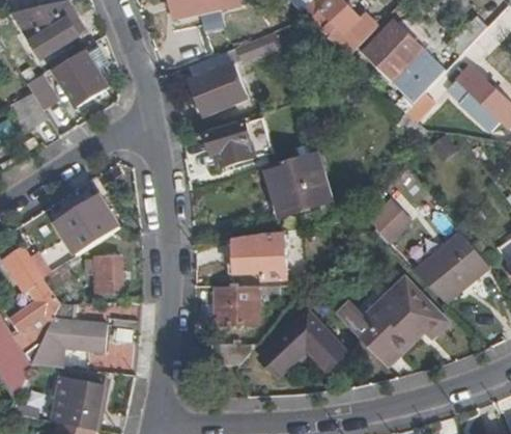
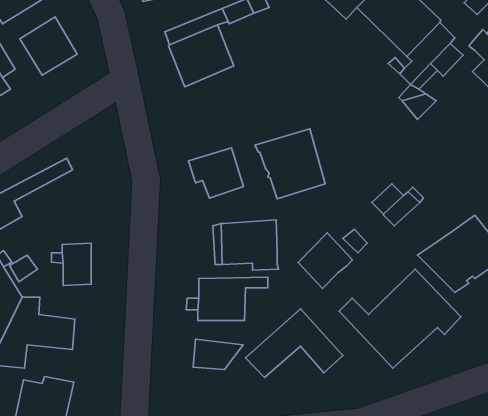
building: [206,123,255,167] -> [188,148,243,198]
building: [60,195,122,253] -> none
building: none -> [298,233,352,289]

